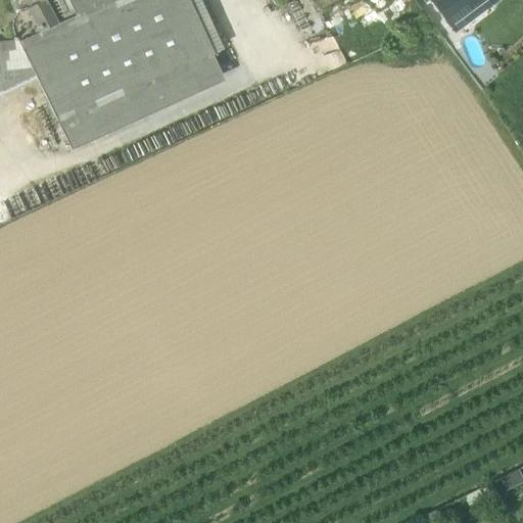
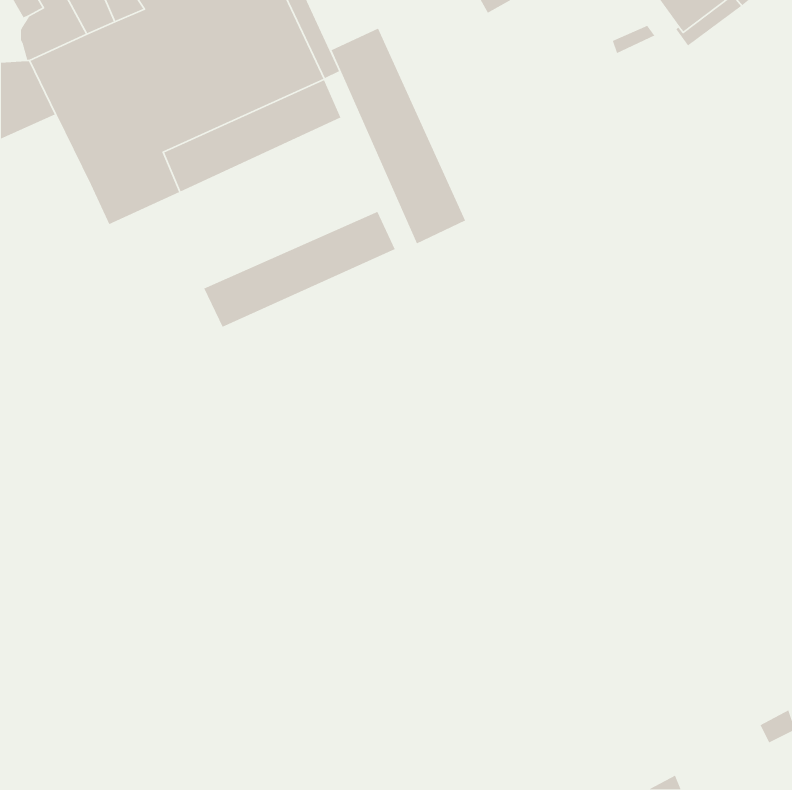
building: none -> [331,28,466,244]
building: none -> [203,211,396,328]

